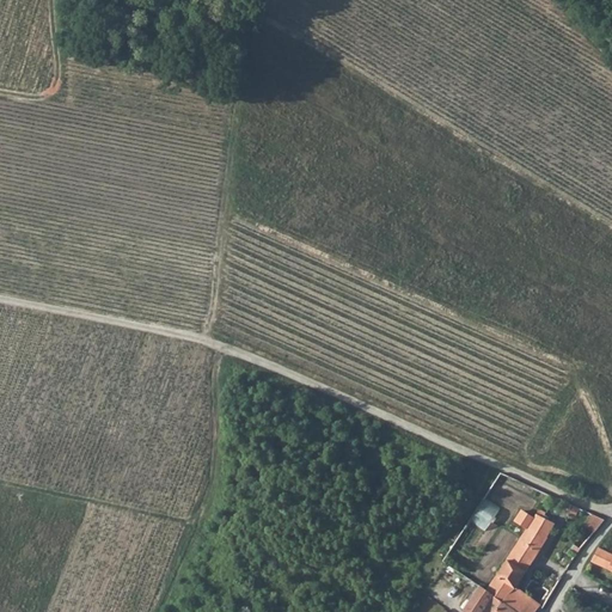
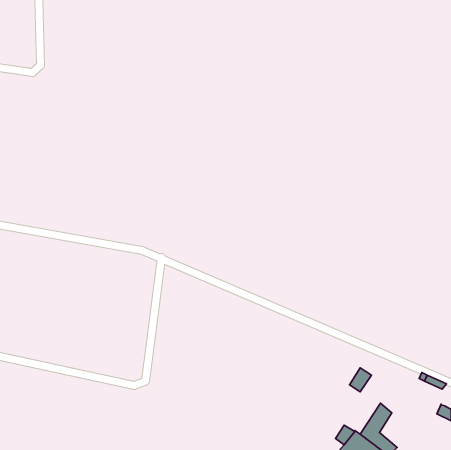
building: [515,509,553,561] -> none

